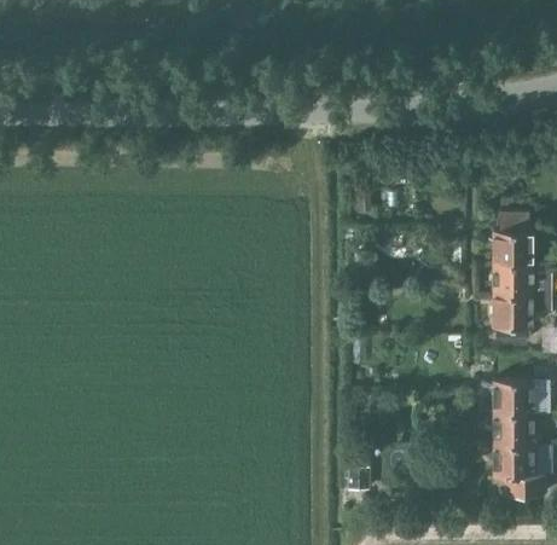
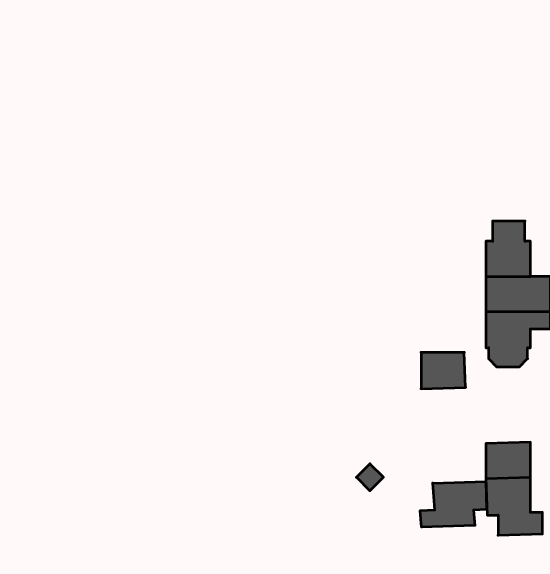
building: [495,381,535,413] -> [421,352,466,389]
building: none -> [420,482,487,527]

